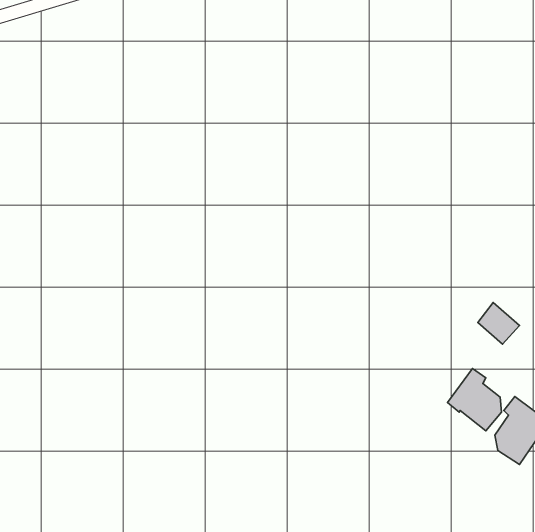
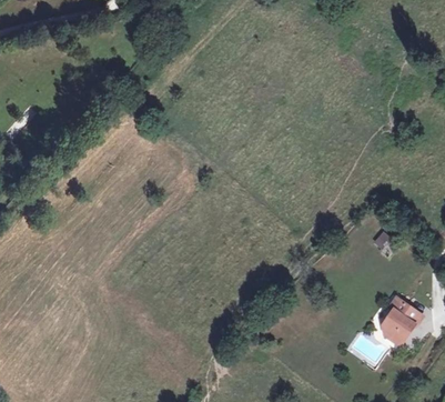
building: [447,369,501,431] -> none

